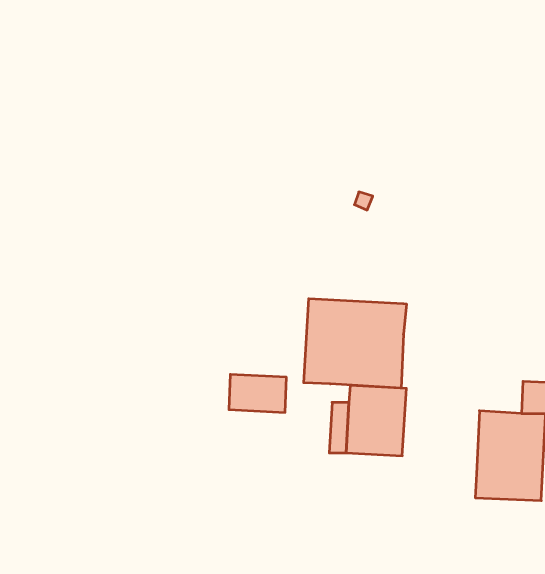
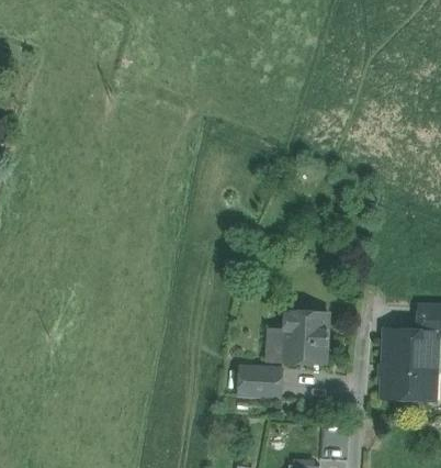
building: [304,299,406,388] -> none
building: [229,374,286,412] -> [237,366,282,395]

